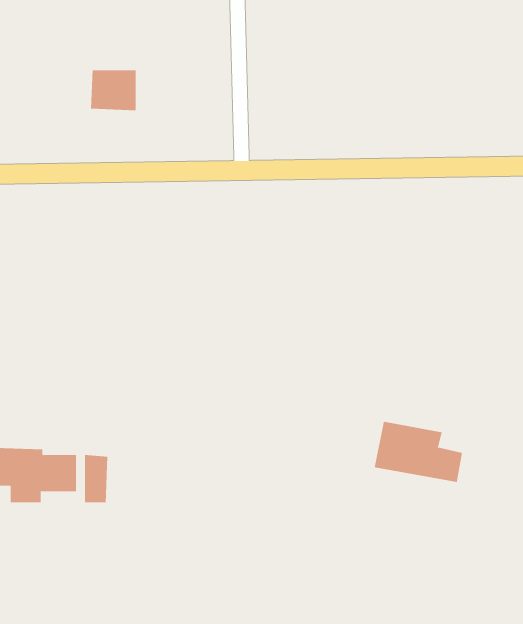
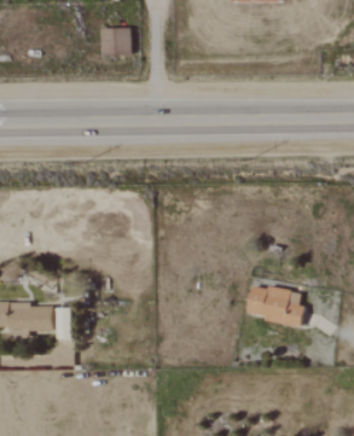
building: [90,70,136,111] -> [101,28,132,54]

